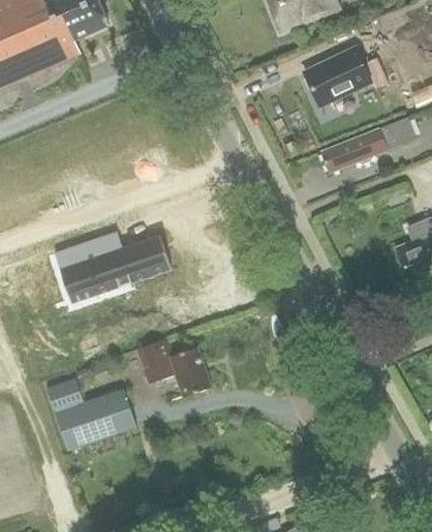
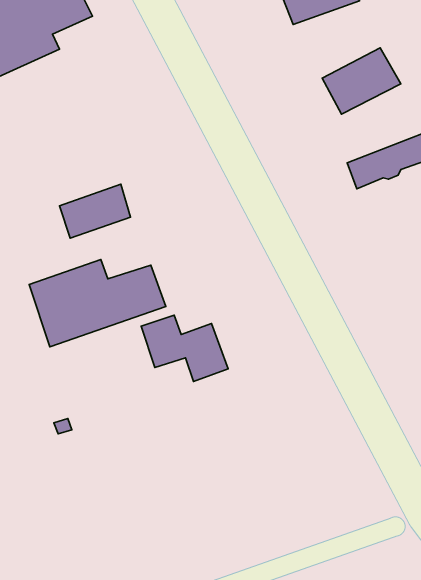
building: none -> [59,184,130,238]
building: [138,340,212,397] -> [141,315,228,381]
building: [47,376,135,449] -> none

